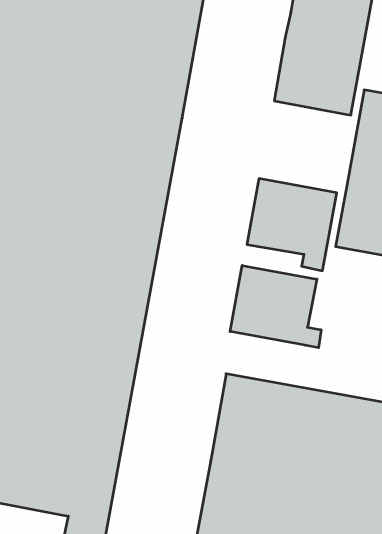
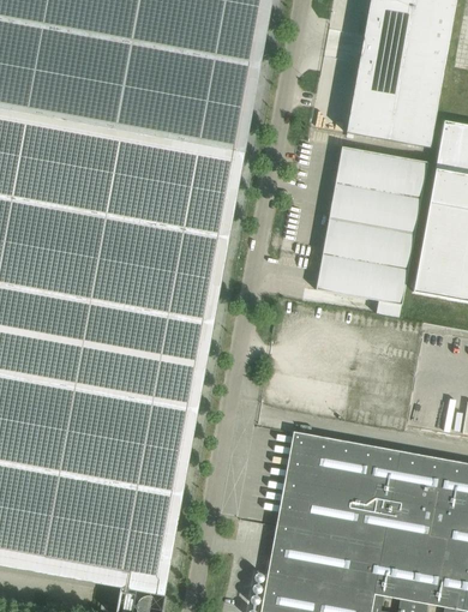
building: none -> [329,146,427,233]
building: [230,265,321,348] -> none

